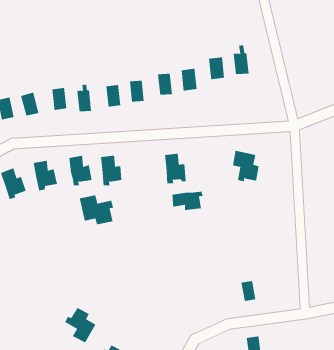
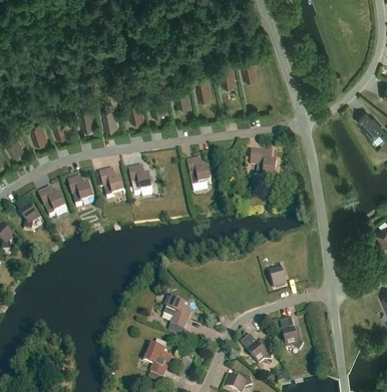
building: [172,191,203,211] -> none
building: [79,195,114,225] -> none
building: [65,307,96,343] -> [162,297,191,329]

